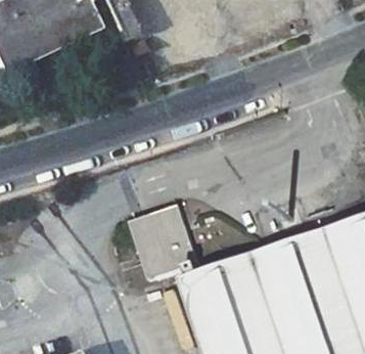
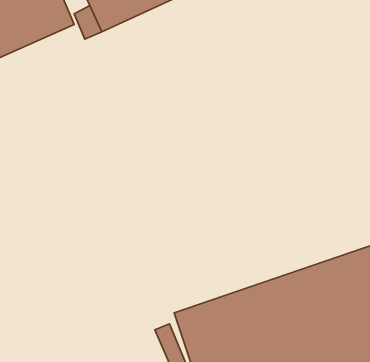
building: [134,206,195,277] -> none

